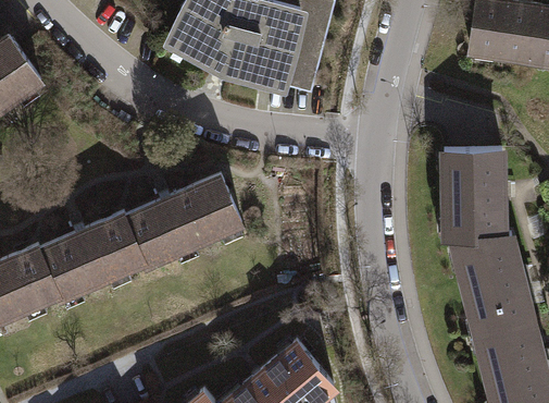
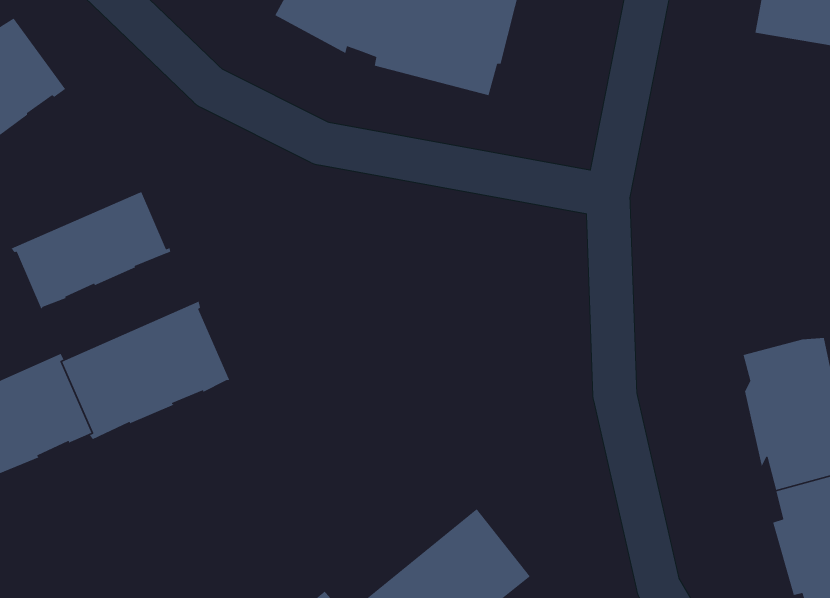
building: none -> [10,191,171,310]
building: [445,148,501,248] -> none
building: [125,178,242,269] -> none

